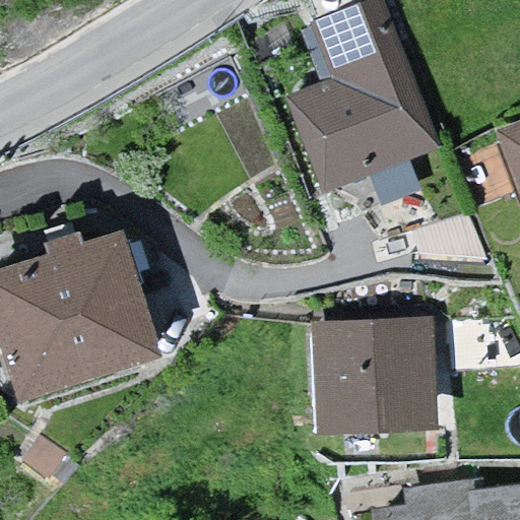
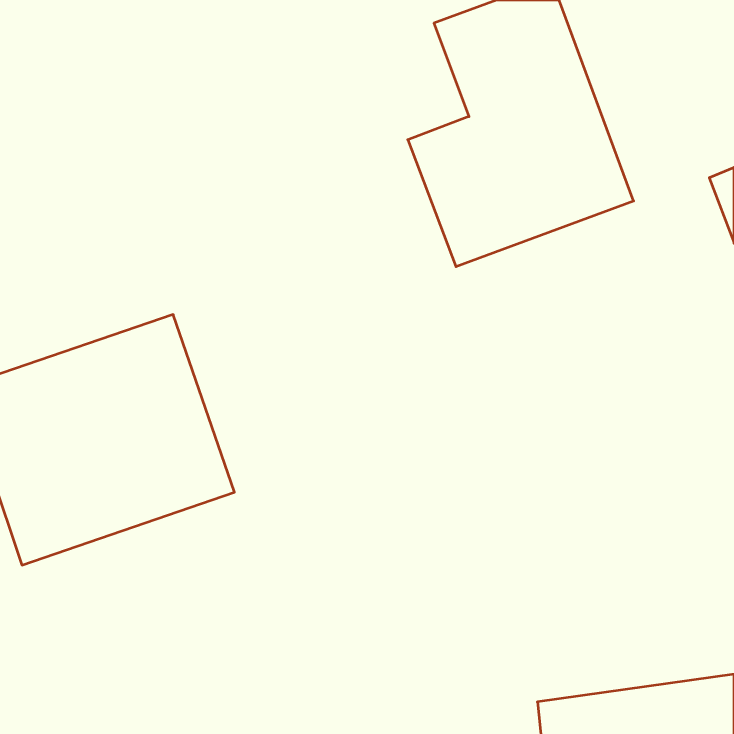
building: [312,321,437,434] -> none

